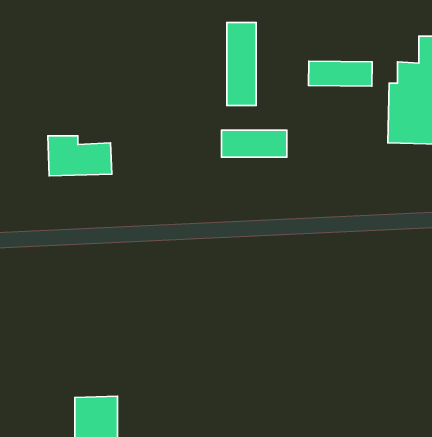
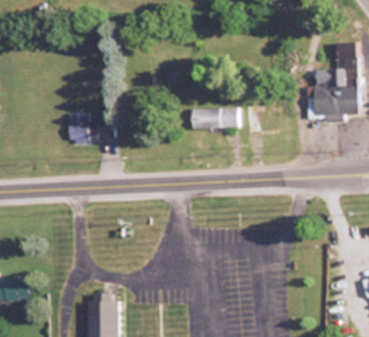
building: [227,23,256,105] -> none
building: [309,61,372,86] -> none

